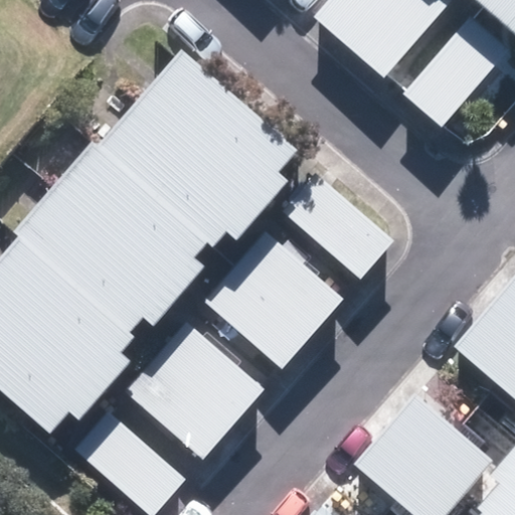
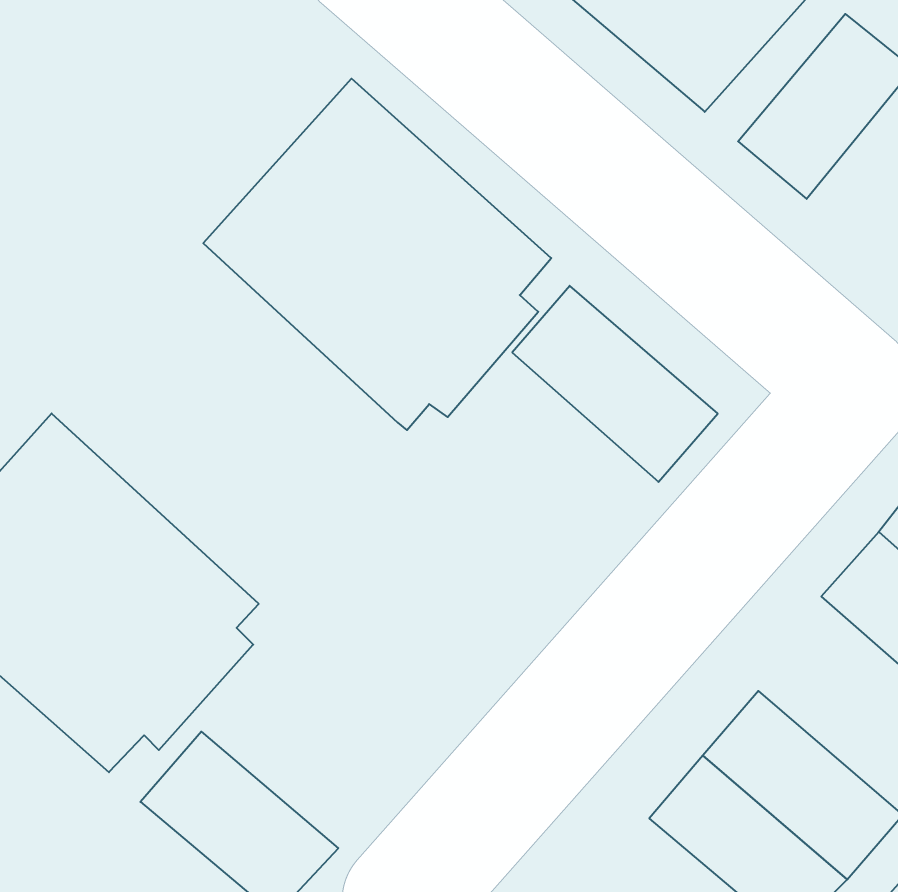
building: [30,149,218,345] -> none
building: [202,233,346,368] -> none
building: [124,316,268,459] -> none

